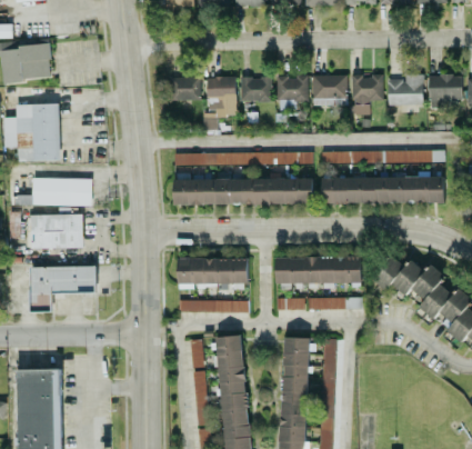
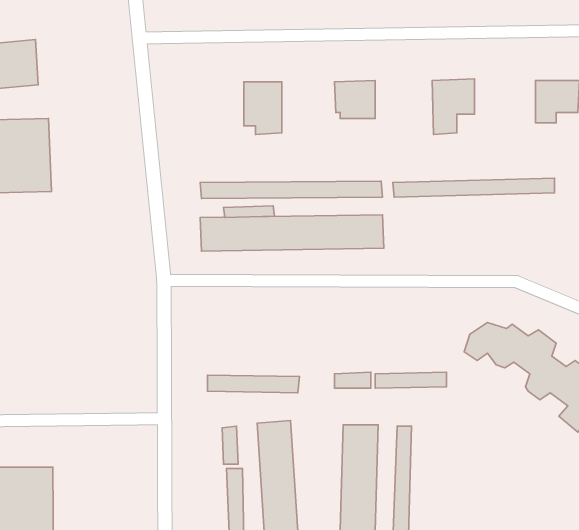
building: [386,74,422,106] -> none
building: [311,76,347,106] -> none
building: [169,77,200,101] -> none
building: [239,77,272,102] -> none
building: [32,178,91,206] -> none
building: [321,178,444,203] -> none
building: [30,214,83,249] -> none
building: [275,257,361,283] -> none
building: [177,258,248,285] -> none
building: [30,267,97,312] -> none

